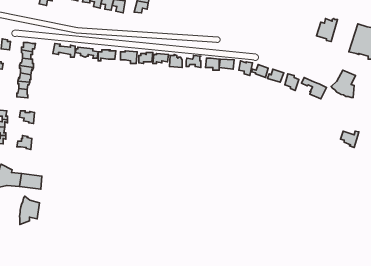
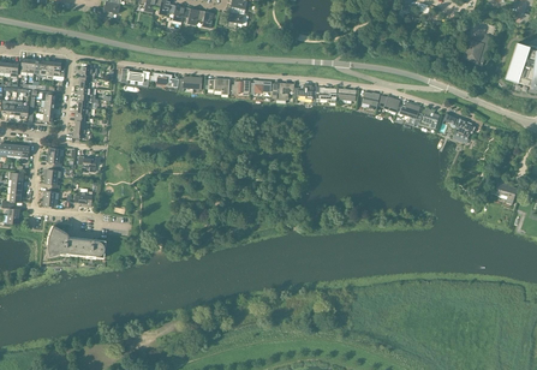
building: [331,70,356,98] -> none
building: [20,196,39,225] -> none

